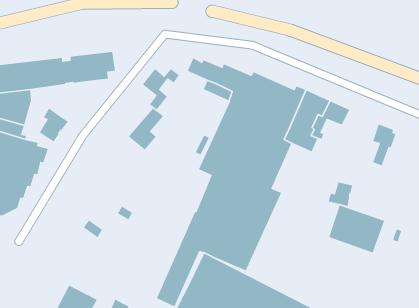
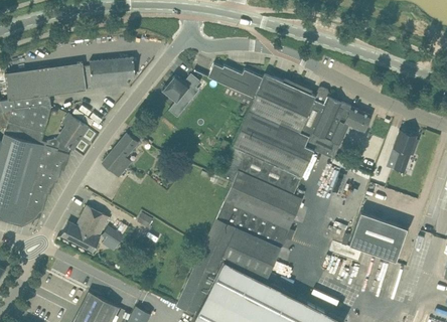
building: [128,107,164,150] -> [102,135,138,178]
building: [328,181,353,207] -> none
building: none -> [60,206,109,254]

